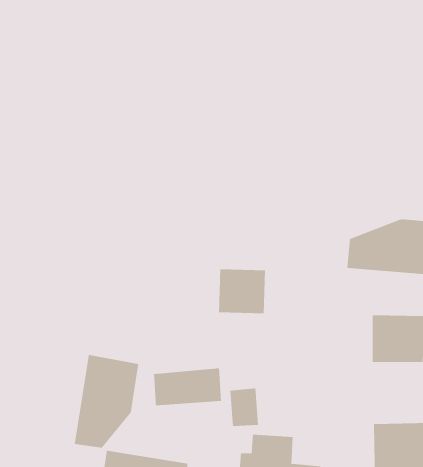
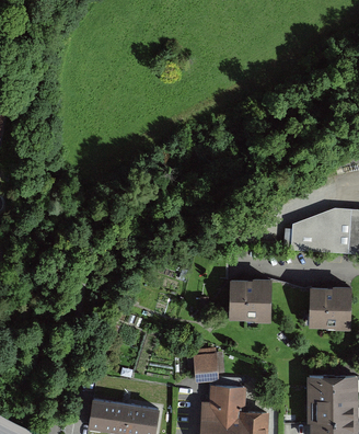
building: [218,269,266,314] -> [230,282,269,319]
building: [74,354,139,449] -> none
building: [153,368,222,406] -> none

